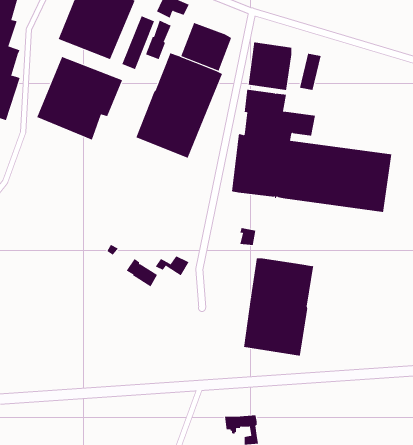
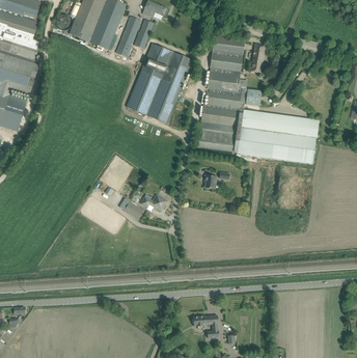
building: [181,22,232,72] -> none
building: [36,56,123,140] -> none
building: [243,257,314,356] -> none

